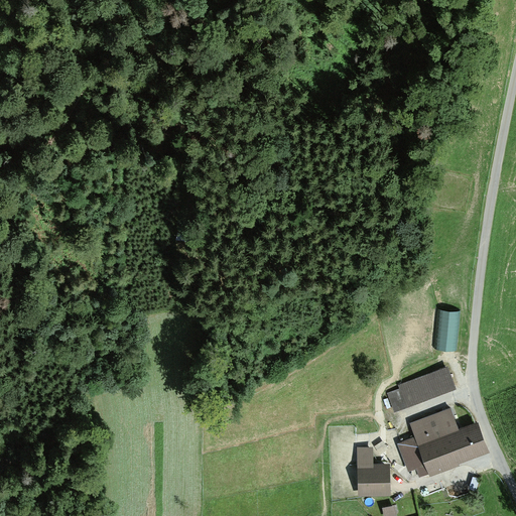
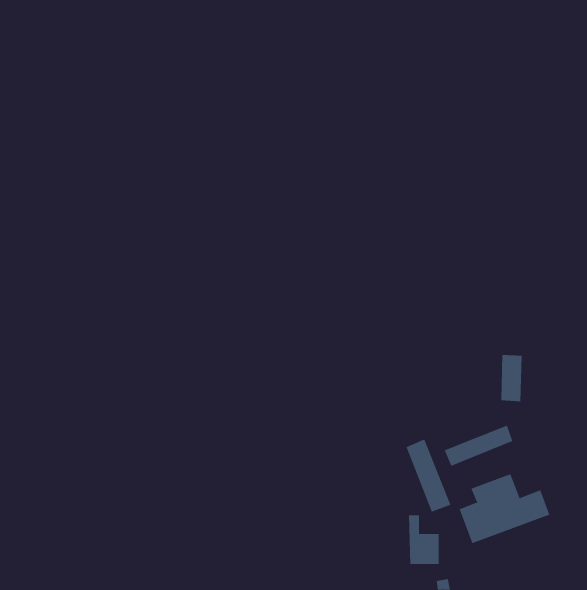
building: none -> [406,439,451,512]

